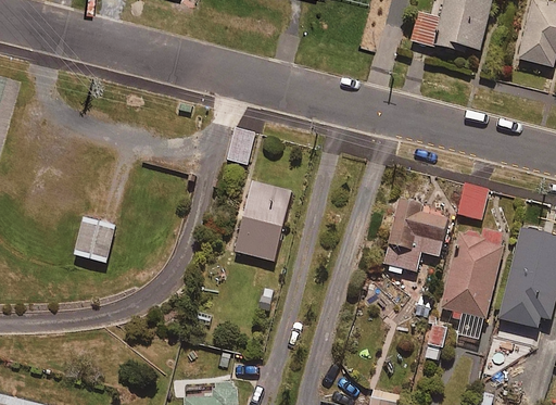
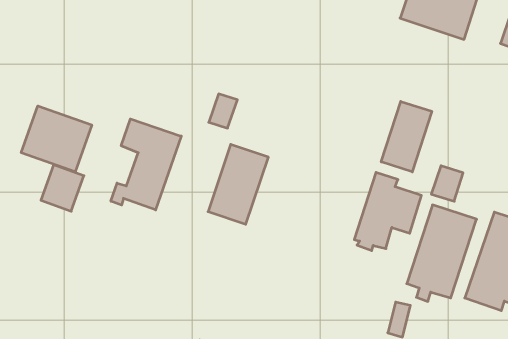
building: none -> [381,101,432,172]
building: none -> [21,106,92,172]
building: none -> [111,119,181,210]

